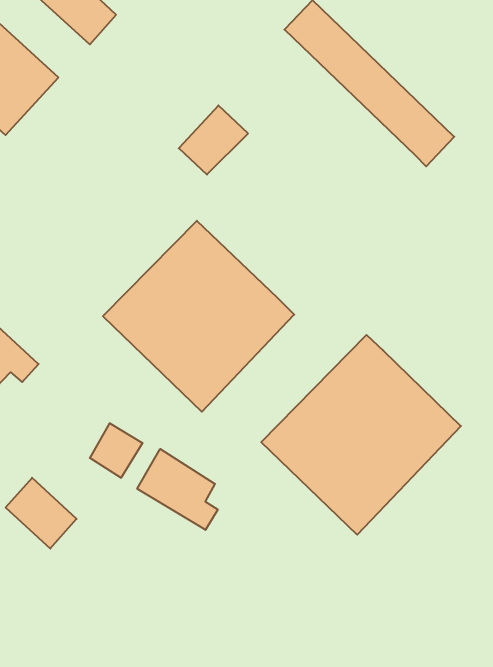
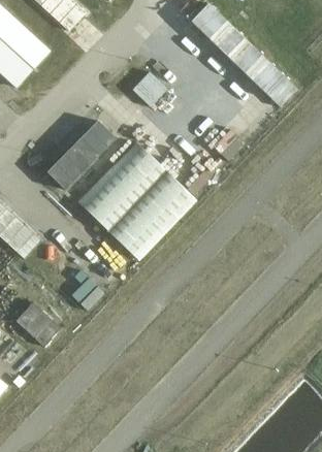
building: none -> [46,120,116,189]
building: [261,335,461,535] -> none
building: [137,449,218,530] -> none

